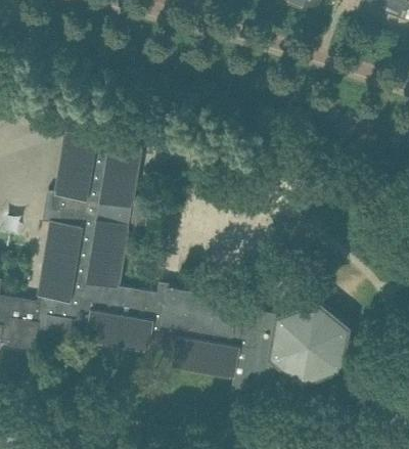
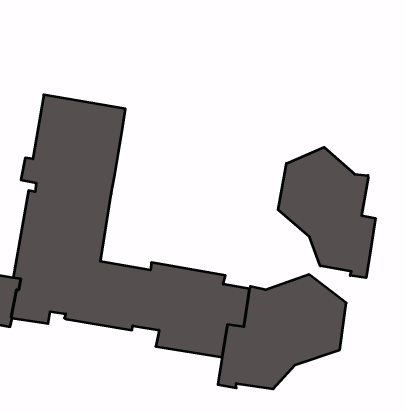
building: none -> [278,147,375,278]

